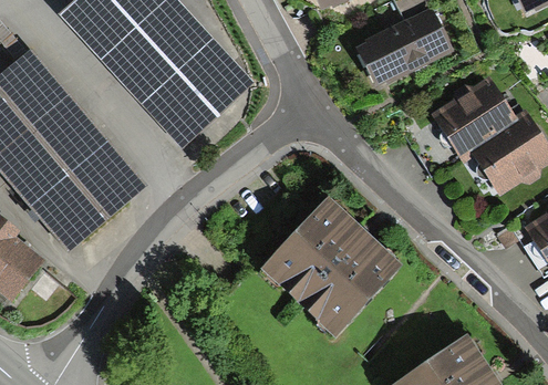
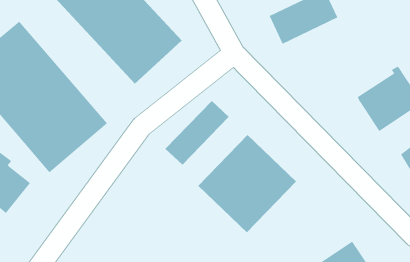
building: [432,75,519,164] -> none
building: none -> [165,100,230,165]

